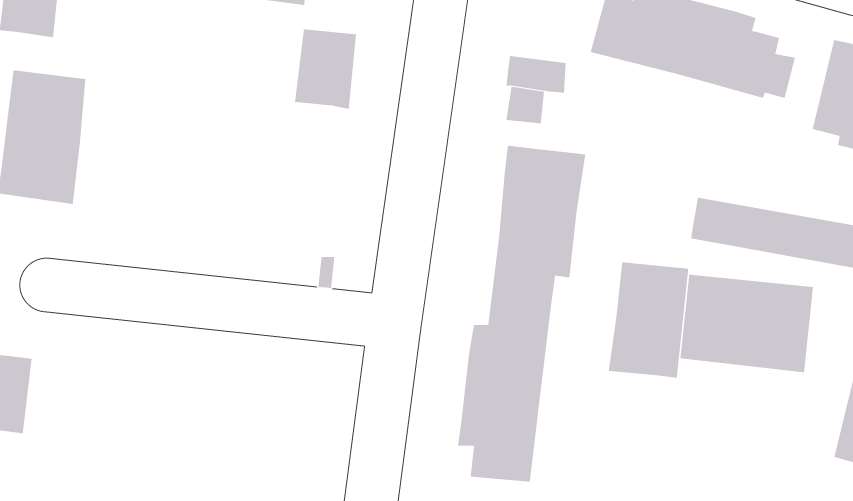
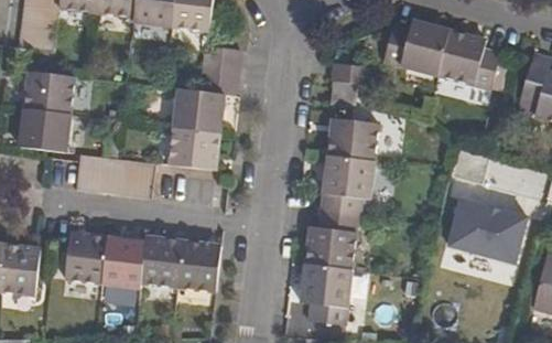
building: none -> [169,89,224,171]
building: none -> [75,156,154,197]
building: [608,262,689,378] -> none
building: none -> [64,233,219,291]

